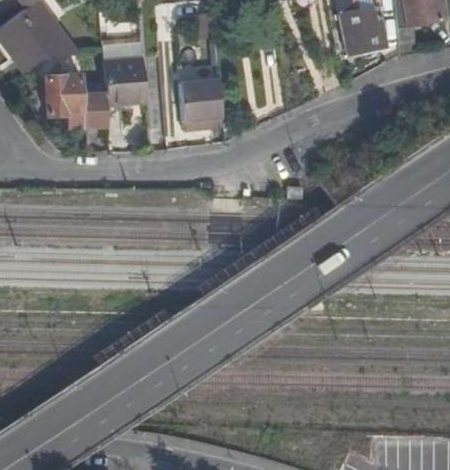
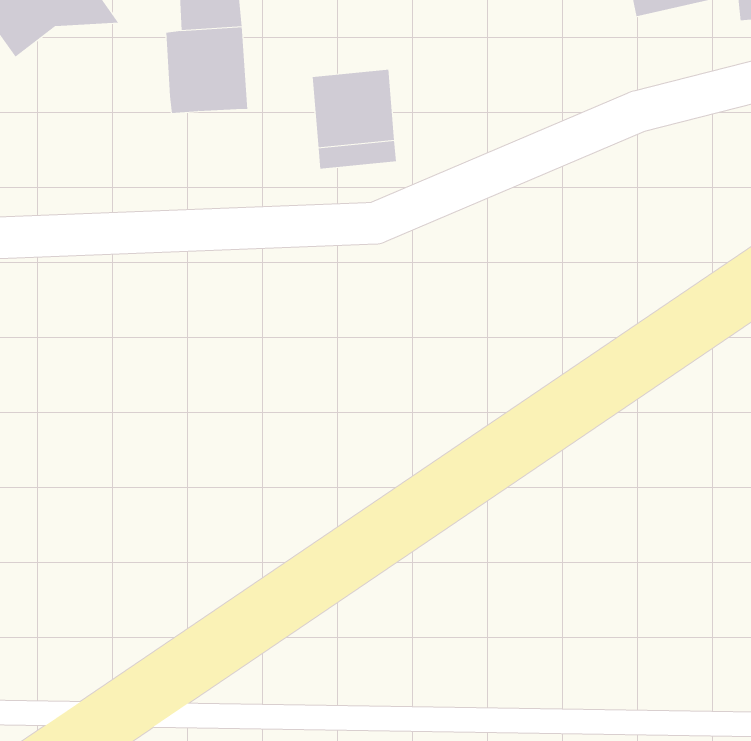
building: [45,75,108,129] -> none

